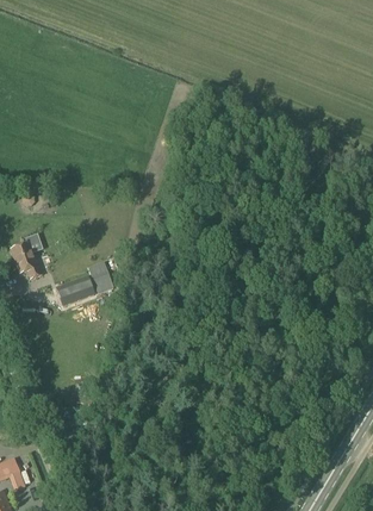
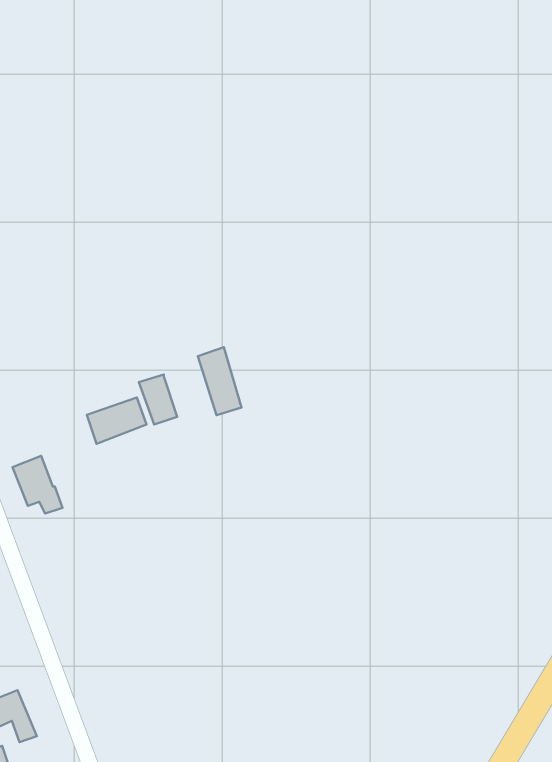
building: [11,242,42,278] -> [12,456,62,514]
building: none -> [198,347,241,415]

